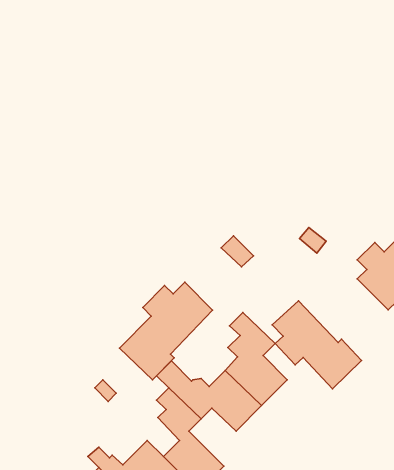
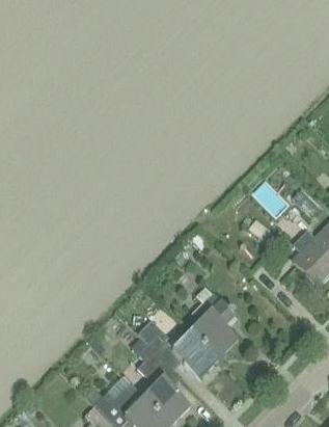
building: [119,282,213,380] -> none
building: [272,301,362,389] -> none

